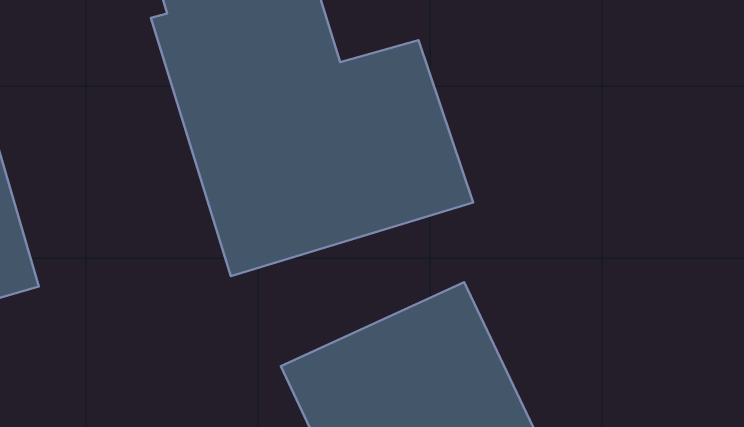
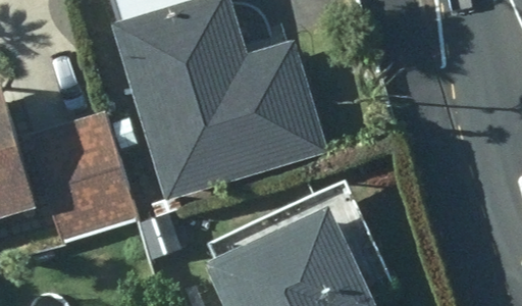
building: none -> [31,111,137,236]

